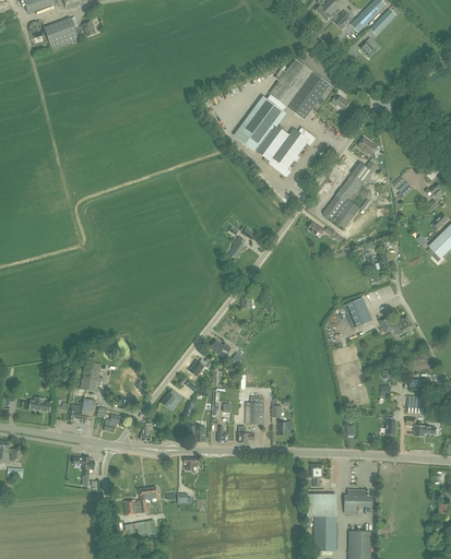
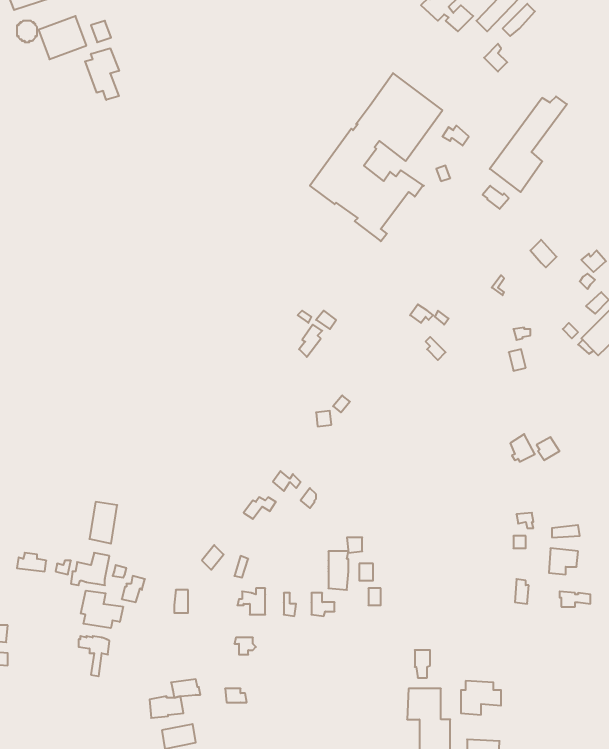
building: none -> [85,48,119,100]
building: [322,162,377,229] -> [490,96,567,192]
building: [343,298,370,329] -> none
building: none -> [81,591,123,628]

